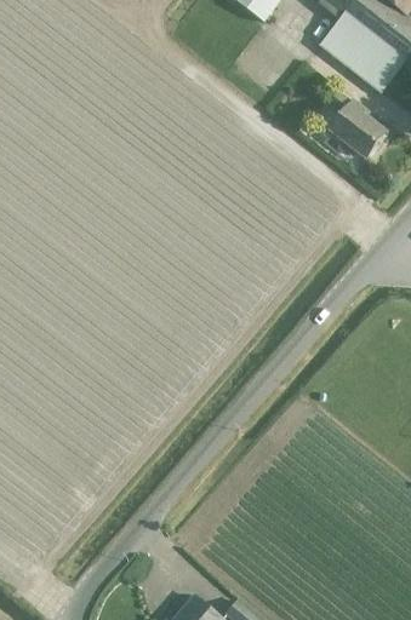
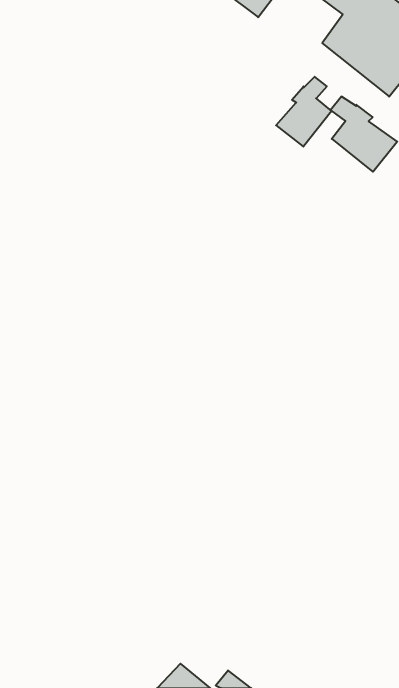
building: none -> [276,77,332,147]

